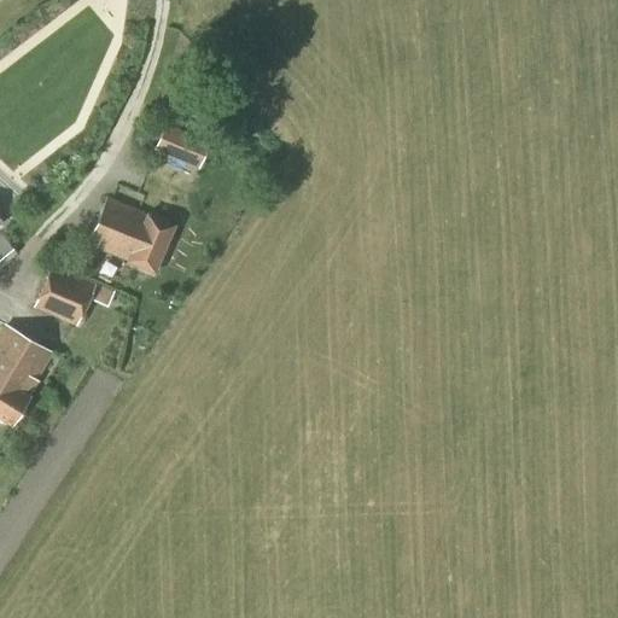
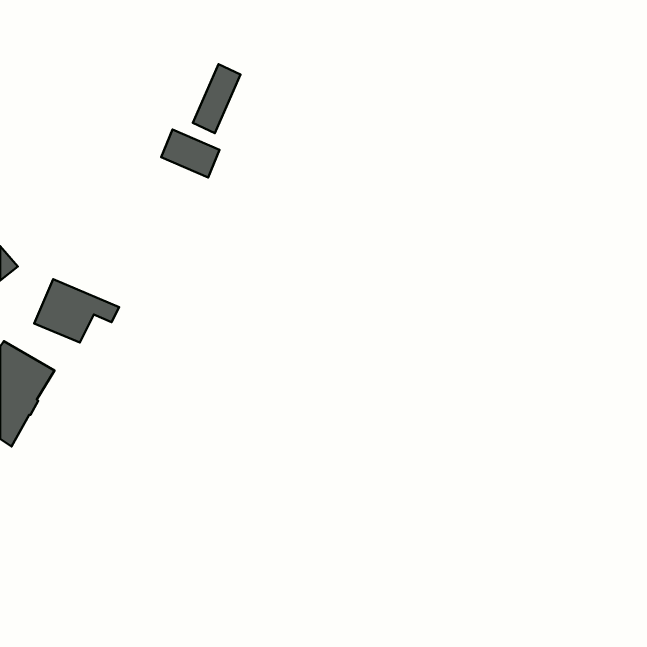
building: none -> [193,64,240,133]
building: [86,196,175,272] -> none

